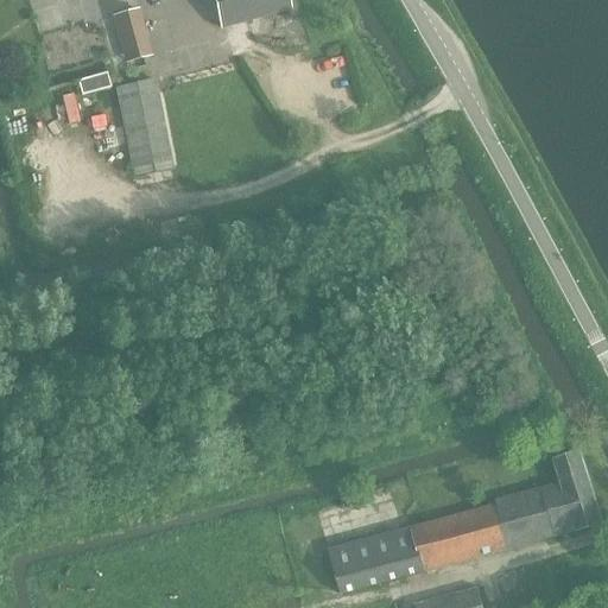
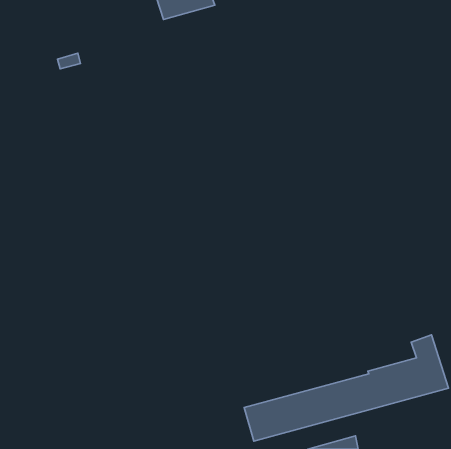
building: [112,7,148,58] -> none
building: [115,80,170,172] -> none

